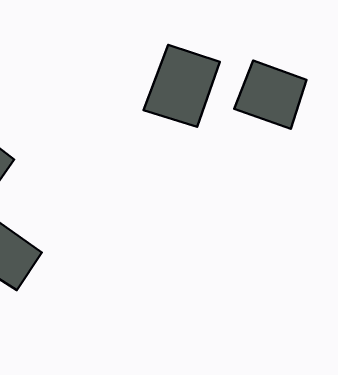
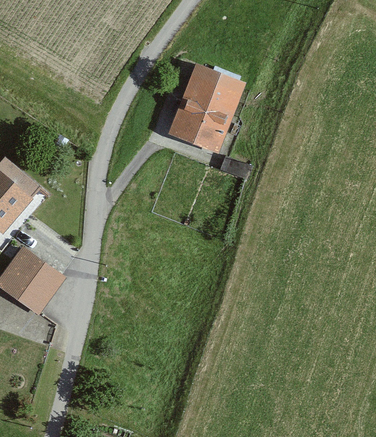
building: [234,61,307,129] -> none

